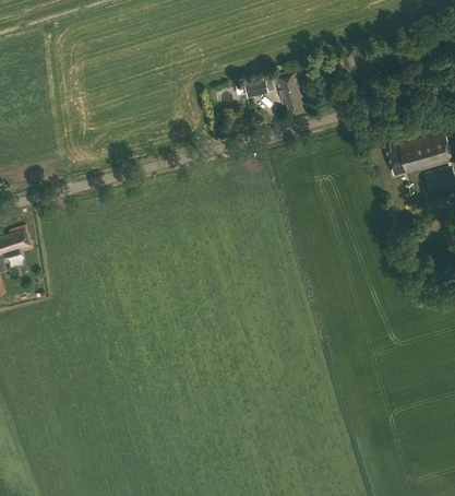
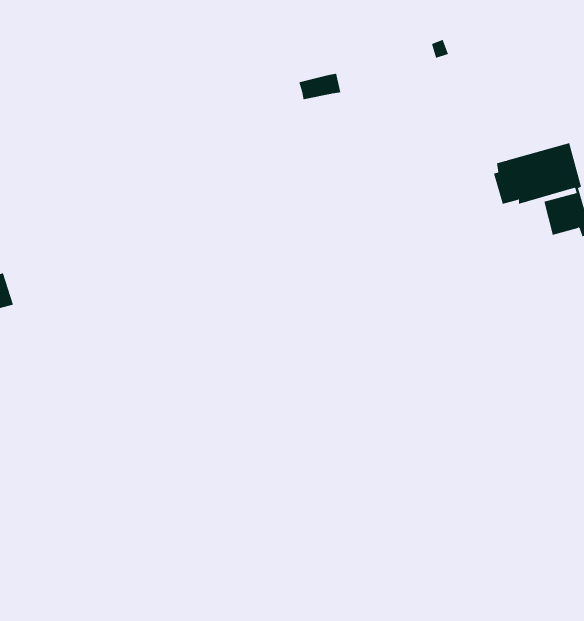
building: [275,74,302,108] -> none

